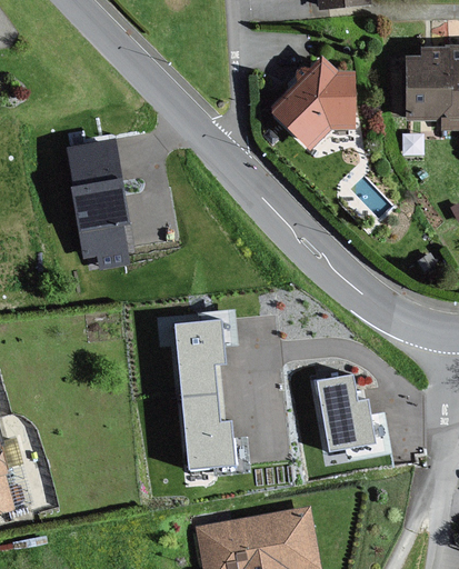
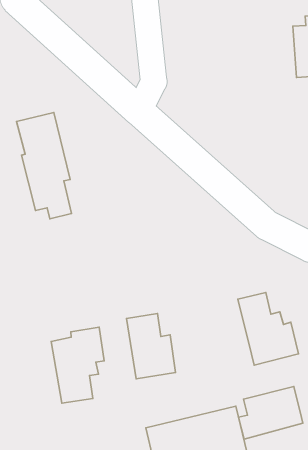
building: [270,56,355,148] -> none
building: [174,306,237,395] -> [51,327,104,403]
building: none -> [239,387,303,439]

